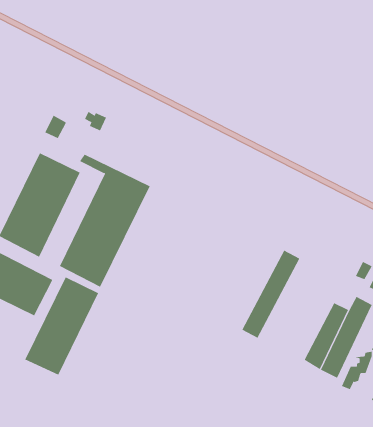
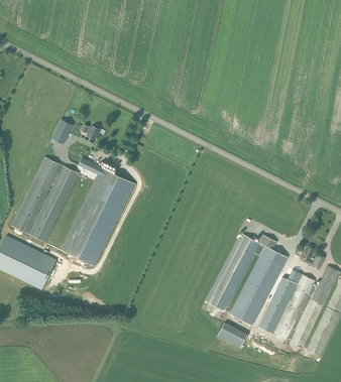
building: none -> [231,235,286,323]
building: [24,276,99,375] -> none
building: none -> [217,323,247,348]

